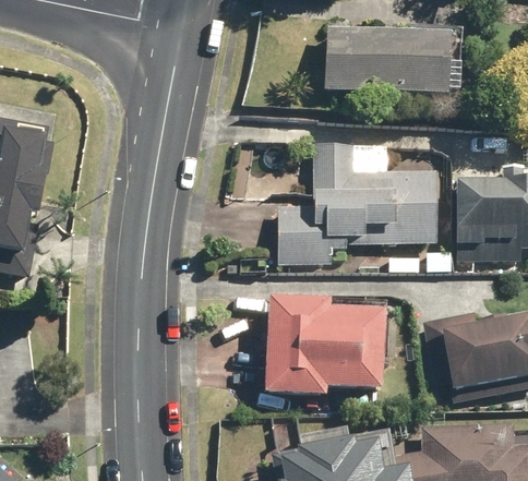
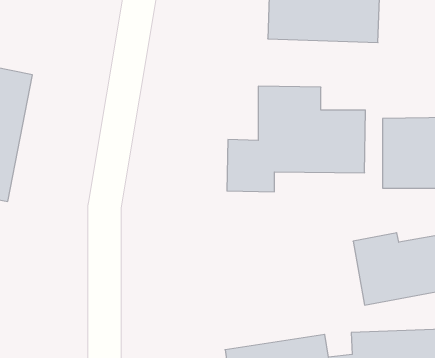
building: [266,296,389,396] -> none

